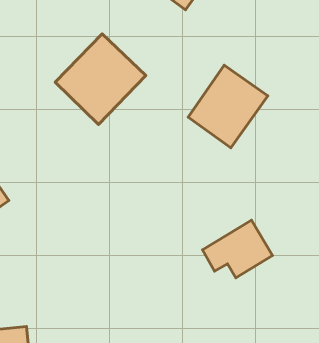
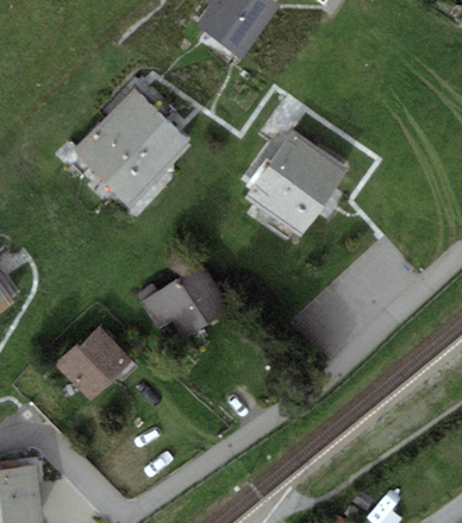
building: none -> [55,326,130,399]
building: [202,220,273,278] -> [139,264,230,338]

